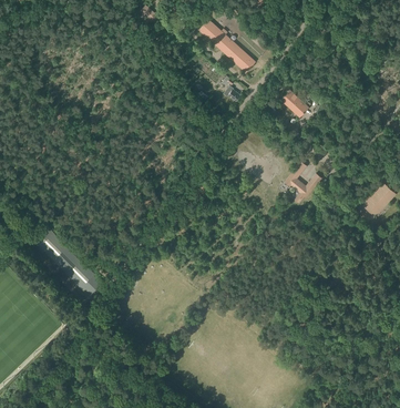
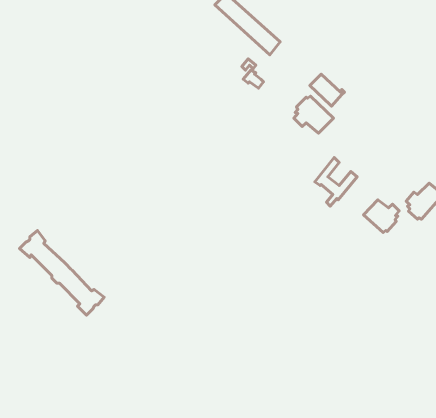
building: none -> [294,96,334,133]
building: none -> [364,200,399,233]

